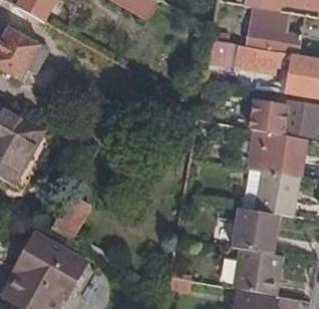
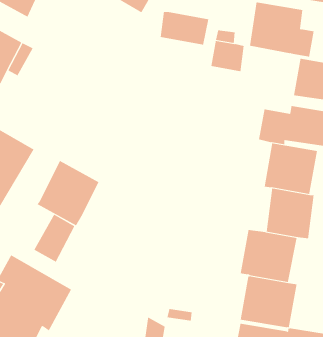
building: [236,46,280,76] -> [160,11,209,45]
building: none -> [37,160,99,226]

